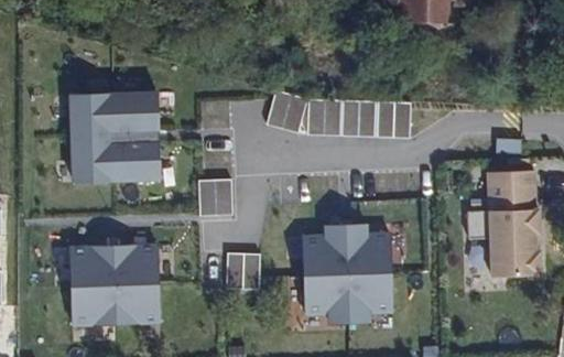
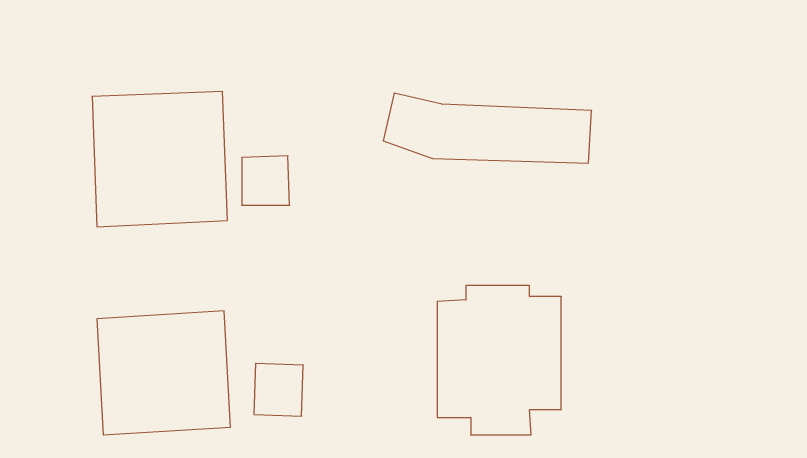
building: [464,171,541,279] -> none
building: [199,180,232,214] -> [242,156,290,205]
building: [226,252,260,289] -> [254,364,303,416]

